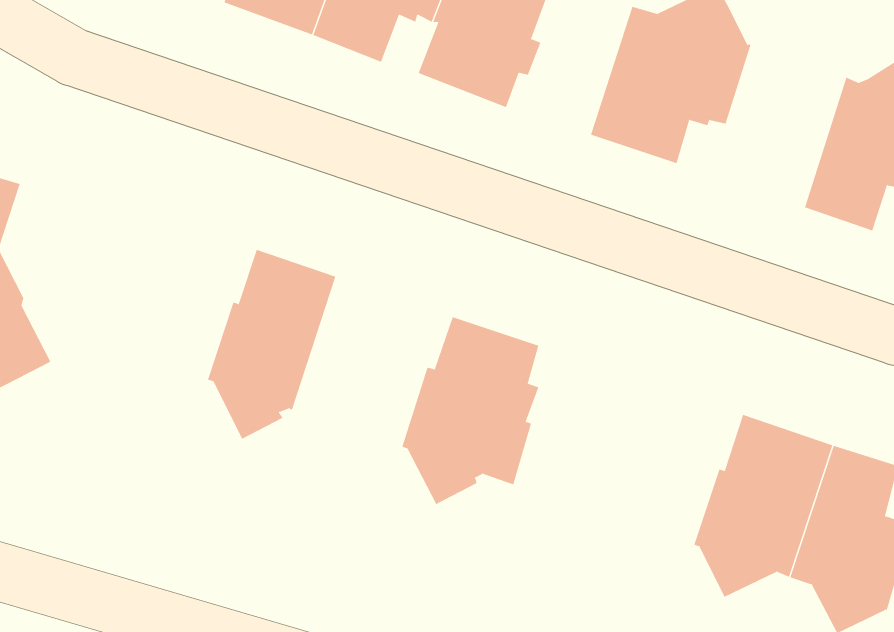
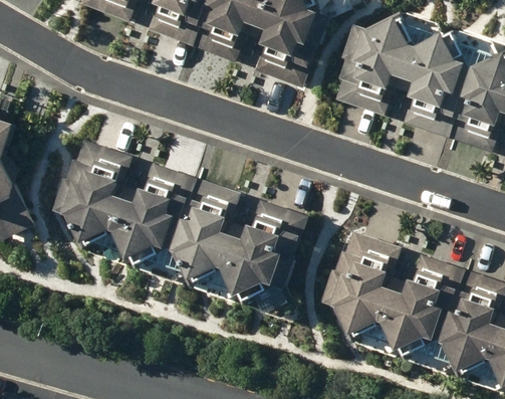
building: none -> [401,33,475,139]
building: none -> [54,140,136,248]
building: none -> [169,177,243,286]
building: none -> [322,231,405,340]

